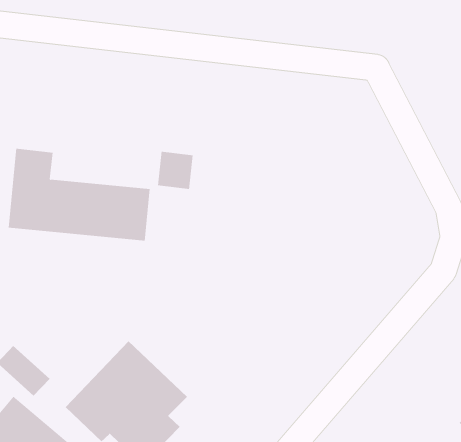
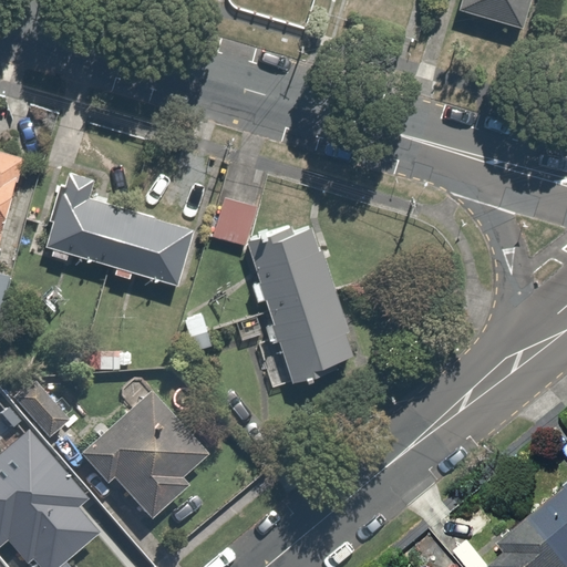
building: none -> [250,223,361,377]

